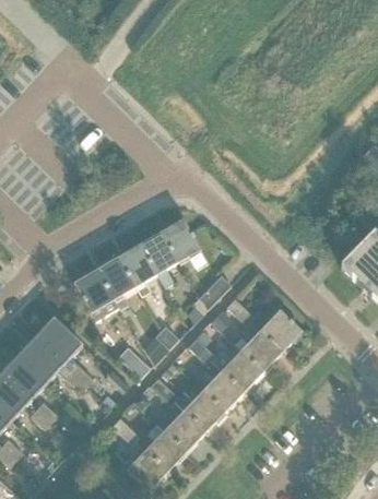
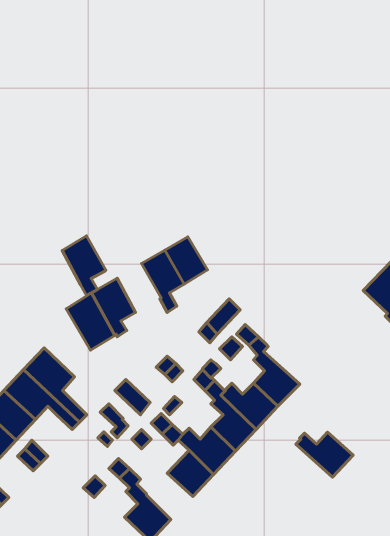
building: [119,241,158,295] -> [62,236,106,296]
building: [250,309,302,349] -> [296,432,353,477]
building: [145,420,187,471] -> none

